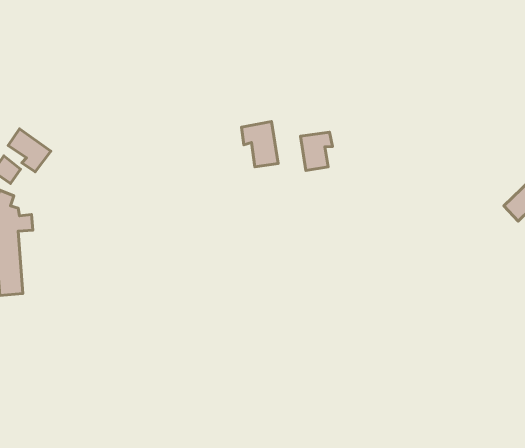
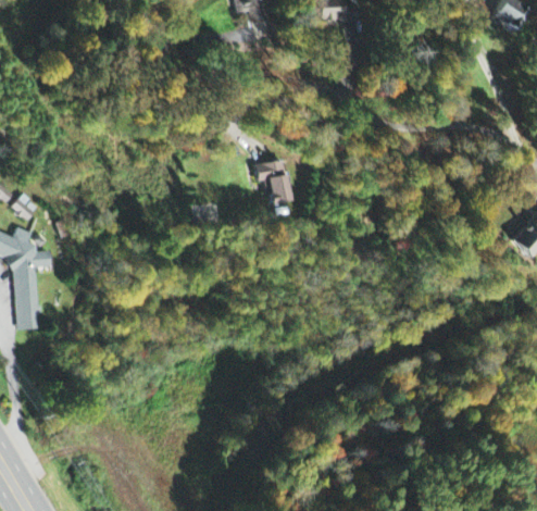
building: [8,129,51,172] -> none
building: [301,132,332,171] -> none

